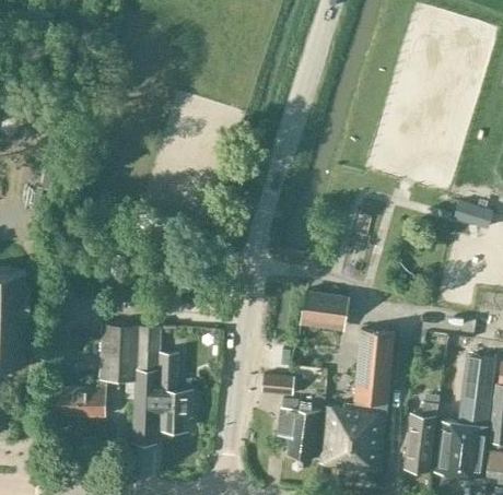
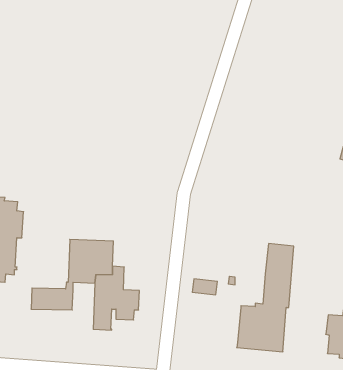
building: [300,288,350,331] -> none
building: [277,400,325,458] -> none
building: [406,402,434,470] -> none

